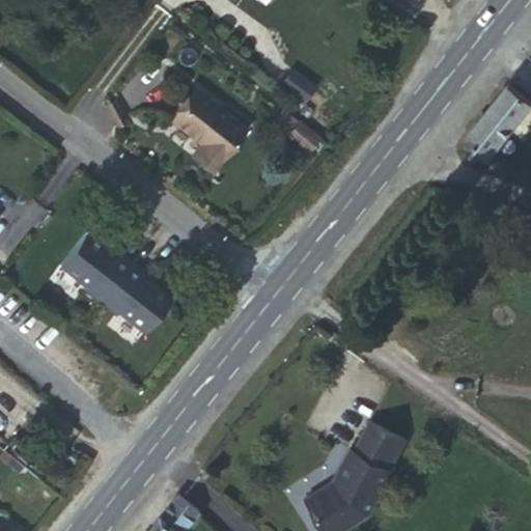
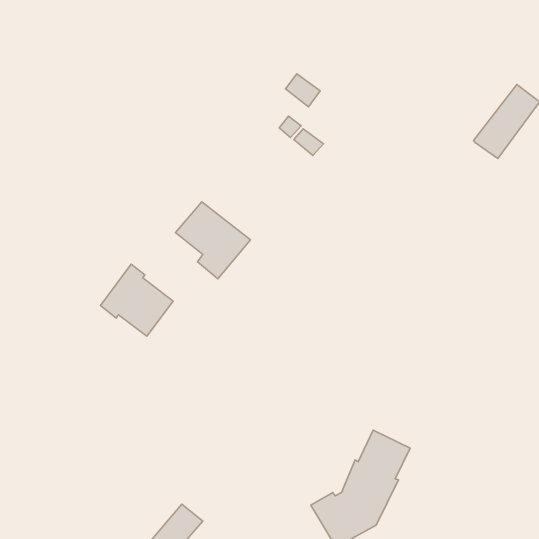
building: [173,91,247,167] -> [175,202,250,279]
building: [57,230,129,301] -> none

